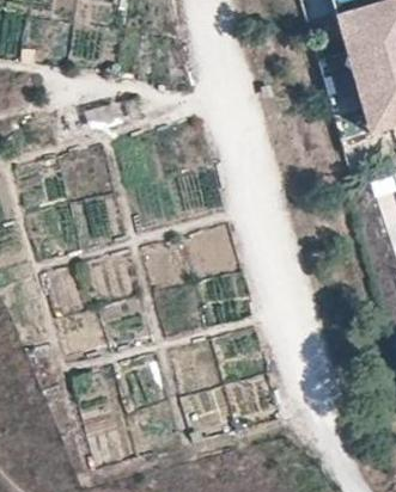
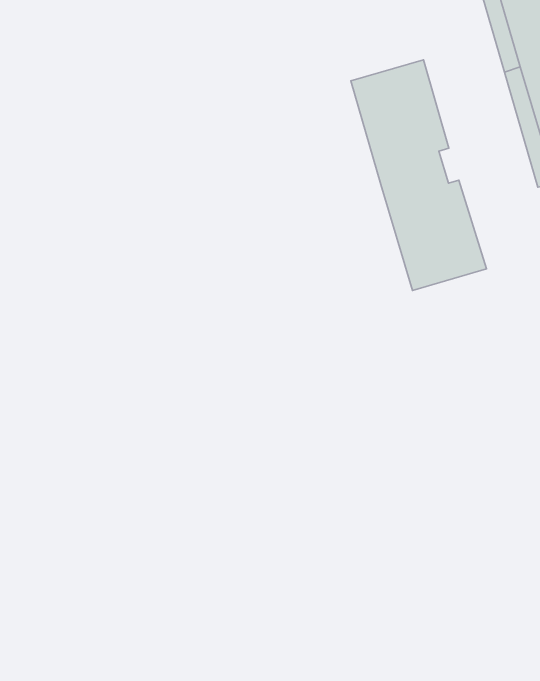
building: none -> [351,60,486,291]

